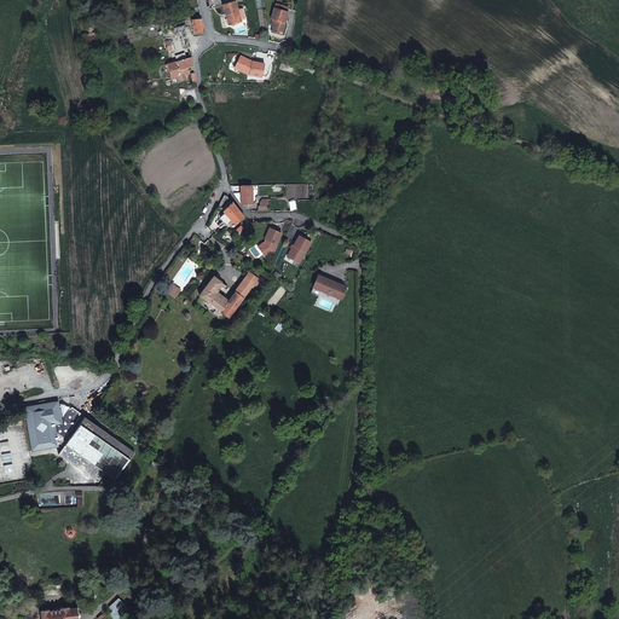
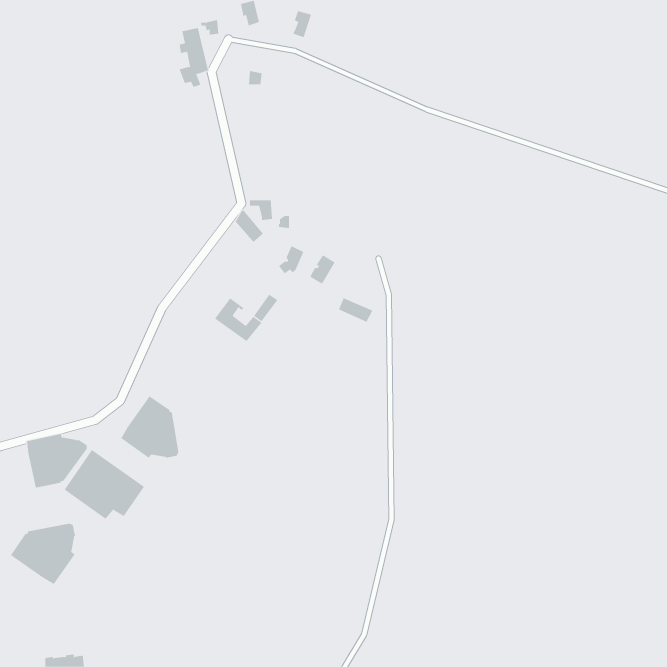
building: none -> [120,396,179,459]
building: none -> [10,523,76,585]

